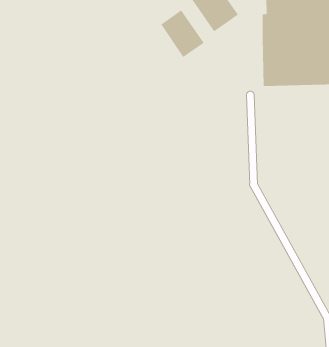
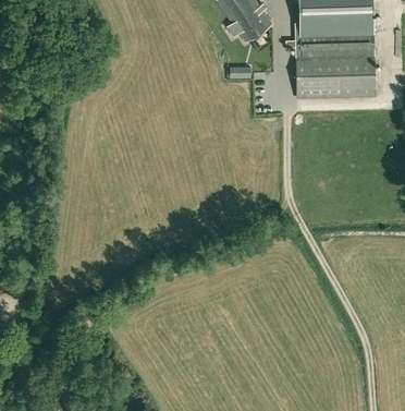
building: [161,10,204,58] -> none

